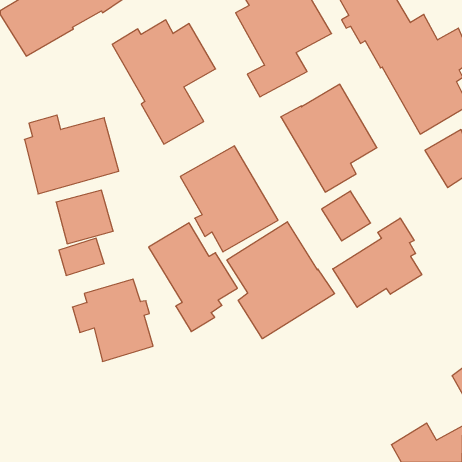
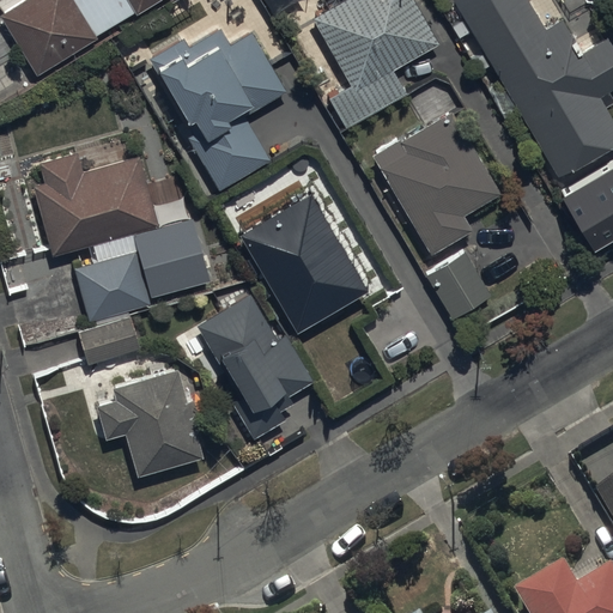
building: none -> [136,223,213,302]
building: [333,218,422,307] -> none
building: [227,222,335,339] -> none

